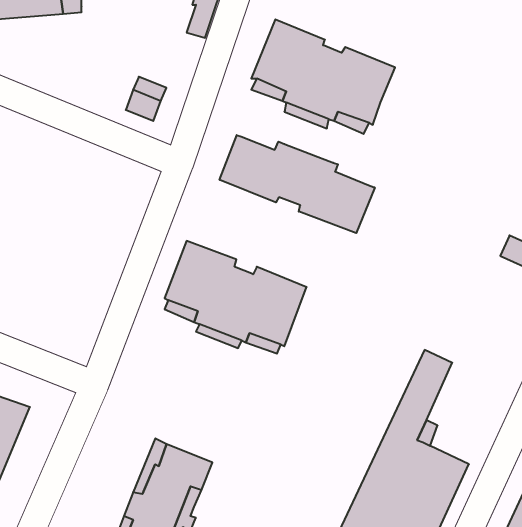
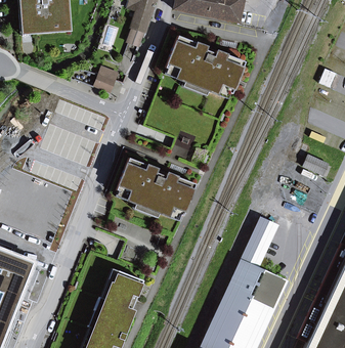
building: [220,135,375,233] -> none

